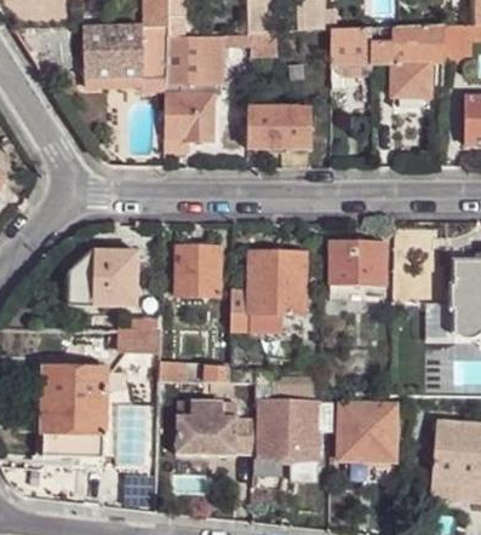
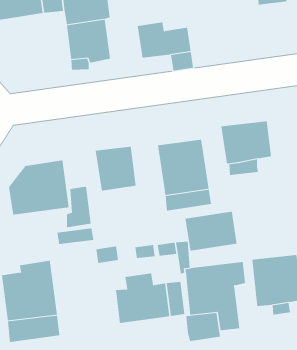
building: none -> [185,211,237,252]

